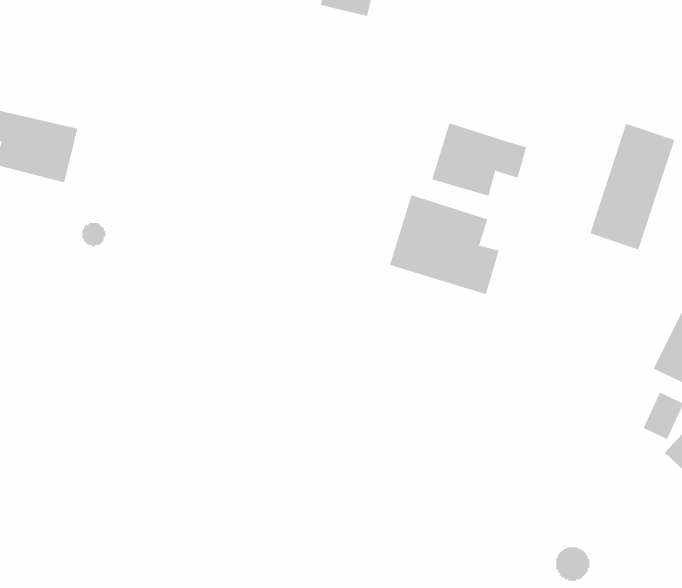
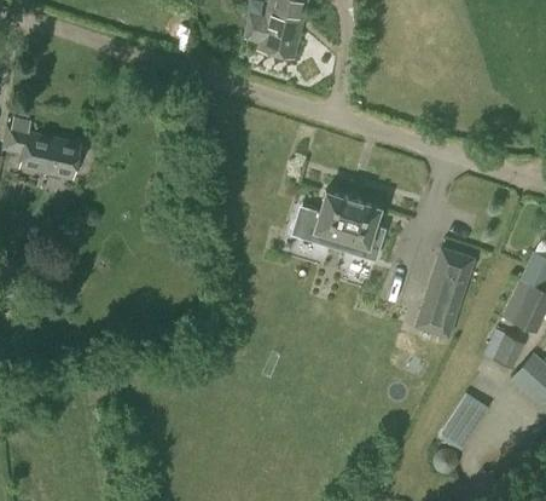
building: [432,123,527,196] -> none
building: [589,123,675,250] -> [412,246,475,339]
building: none -> [445,395,487,449]

